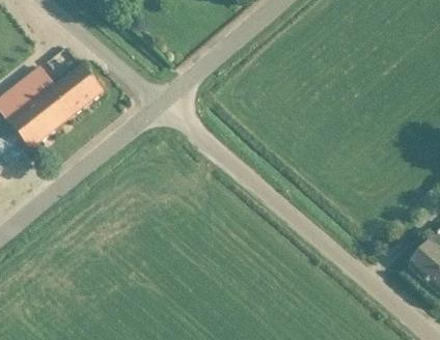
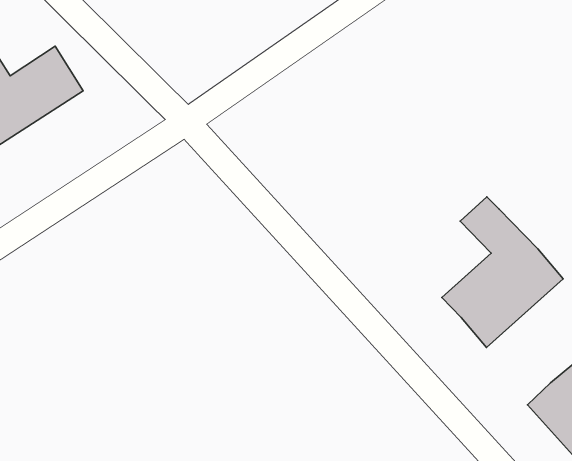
building: none -> [442,197,563,347]

